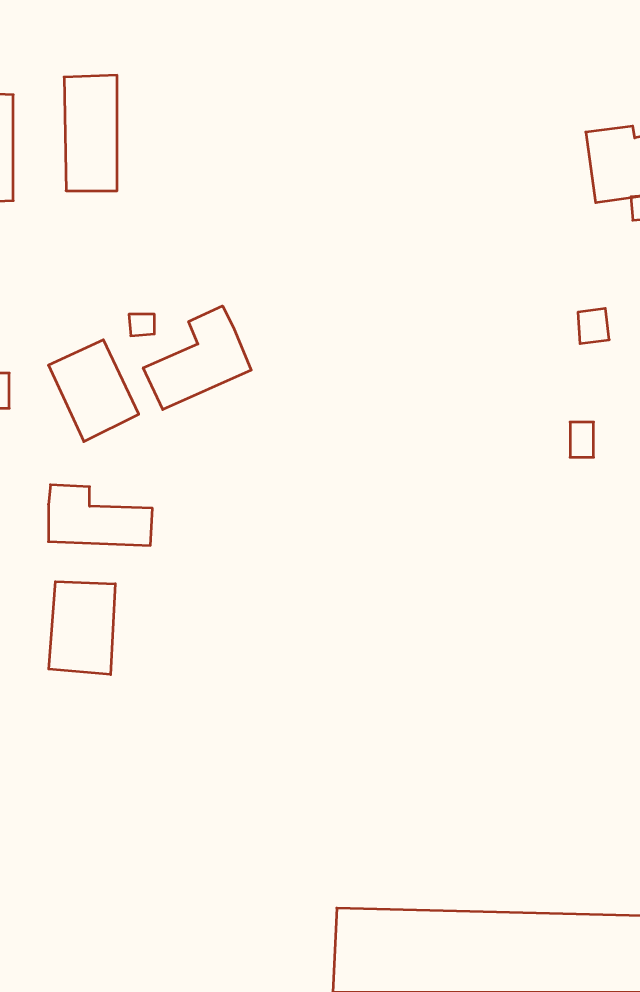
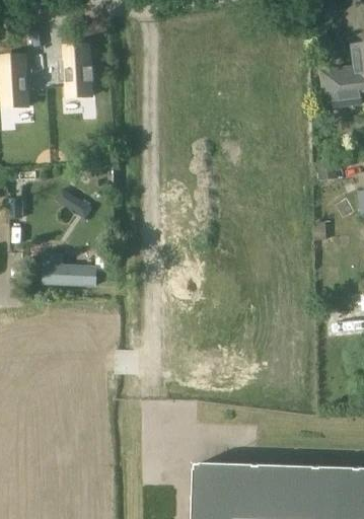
building: [143,306,251,410] -> none
building: [49,582,115,675] -> none

